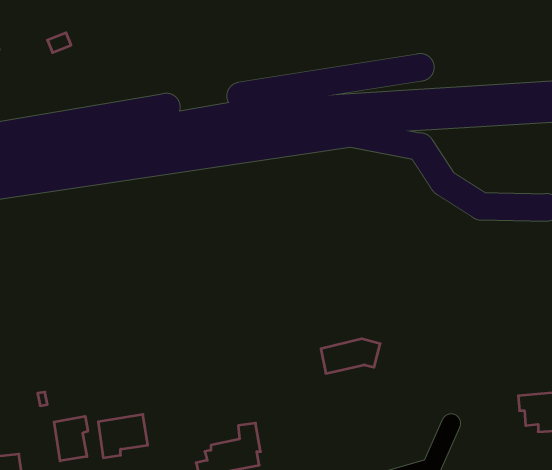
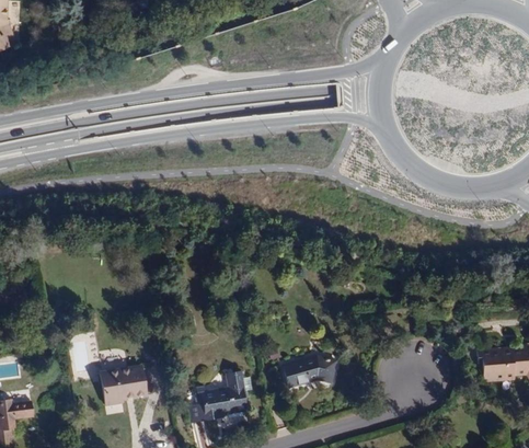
building: [321,339,380,373] -> [285,357,337,388]
building: [54,416,88,461] -> none

